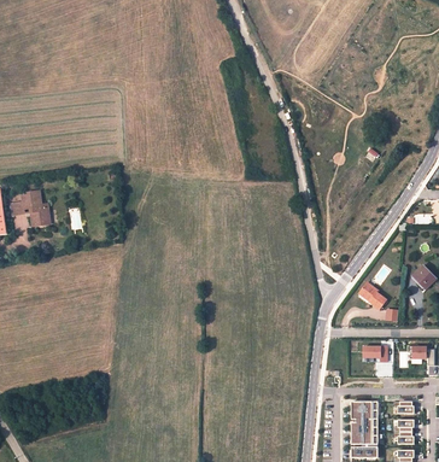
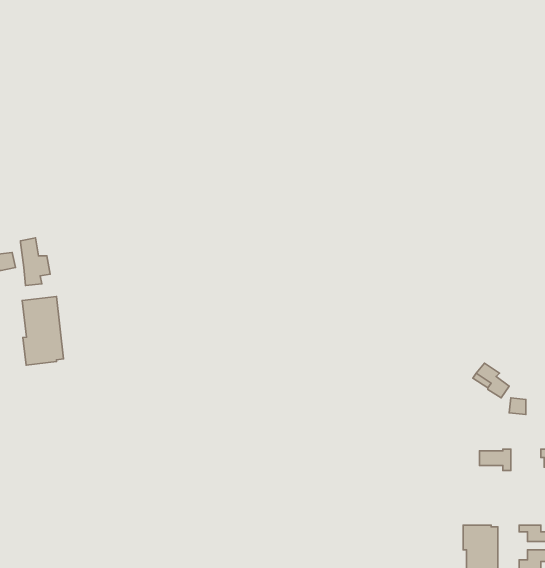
building: none -> [22,297,64,365]

